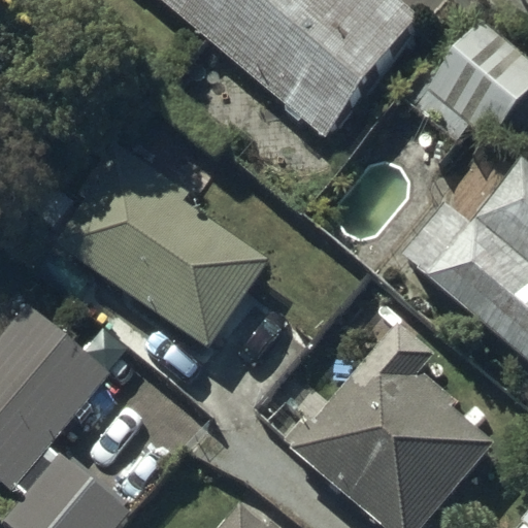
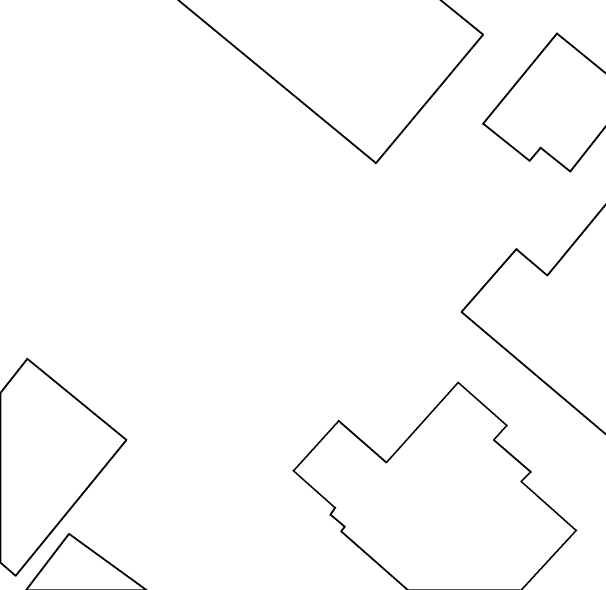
building: [60,146,271,353] -> none

